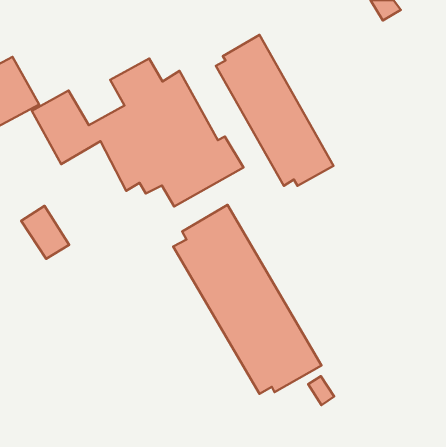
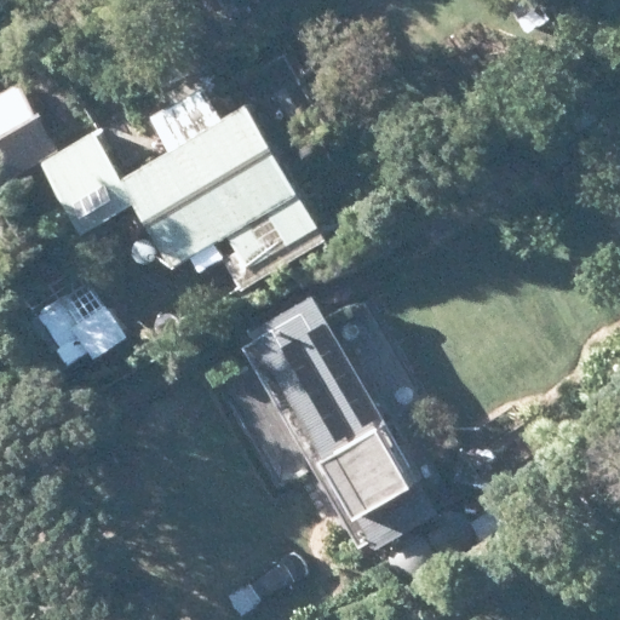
building: [216,35,333,186] -> none

